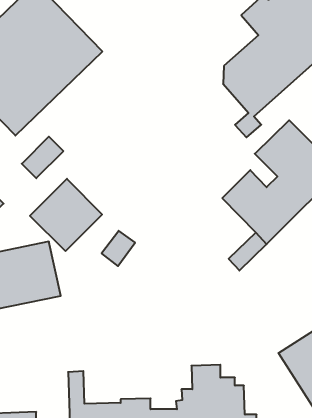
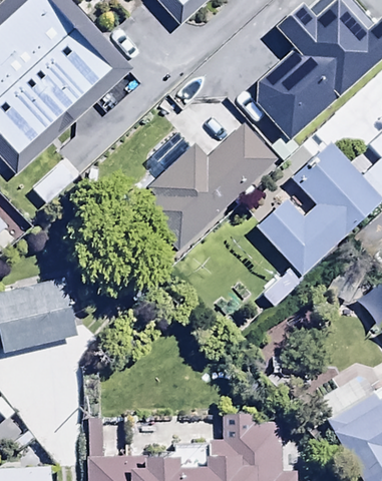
building: none -> [139,122,277,252]
building: [30,179,102,251] -> none

